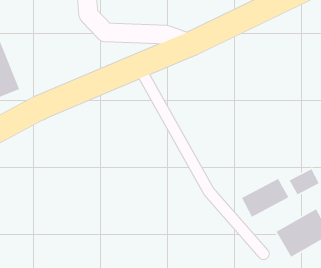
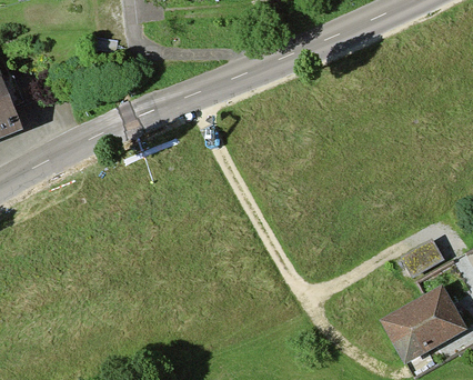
building: [241,178,290,218] -> none

